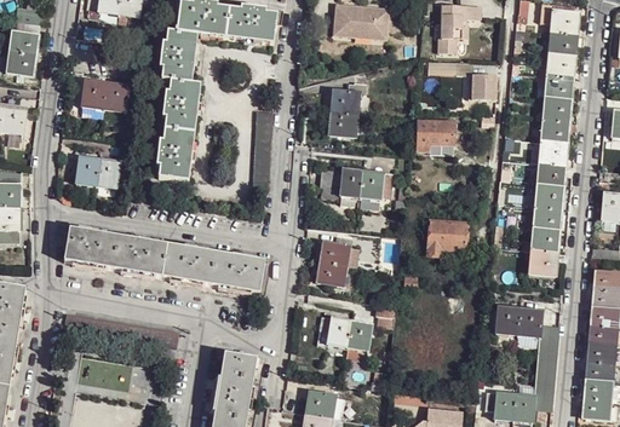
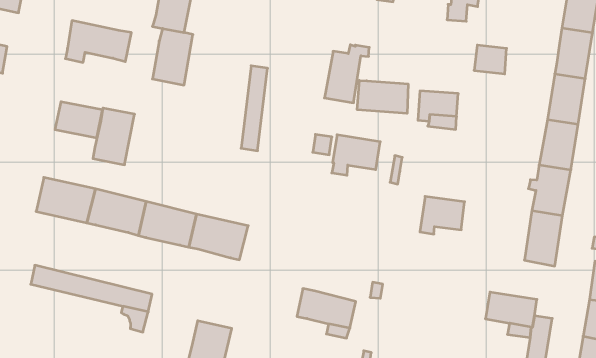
building: none -> [357,80,408,113]
building: [159,128,195,180] -> [93,108,135,165]
building: [316,236,351,287] -> none

